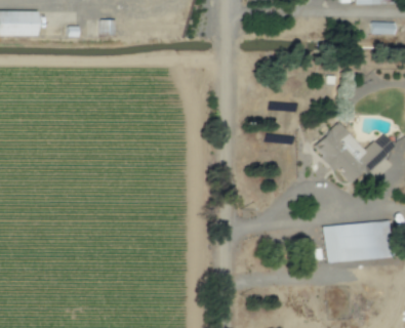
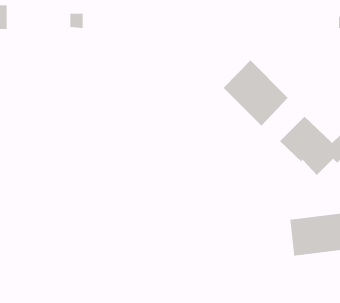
building: none -> [223,60,288,127]

